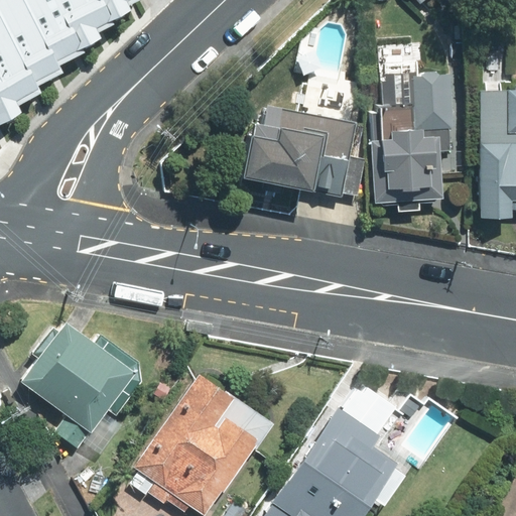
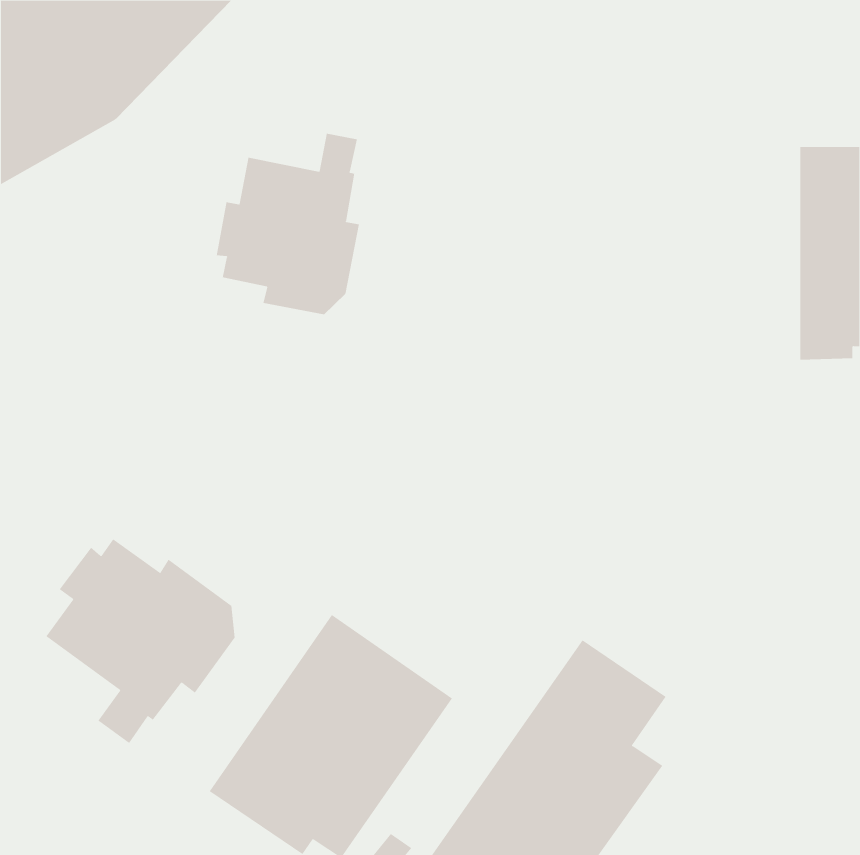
building: [368,71,454,213] -> none
building: none -> [216,133,360,315]
building: [242,106,365,200] -> none

